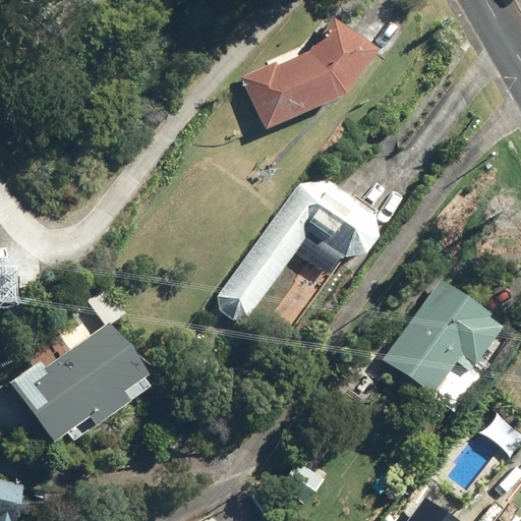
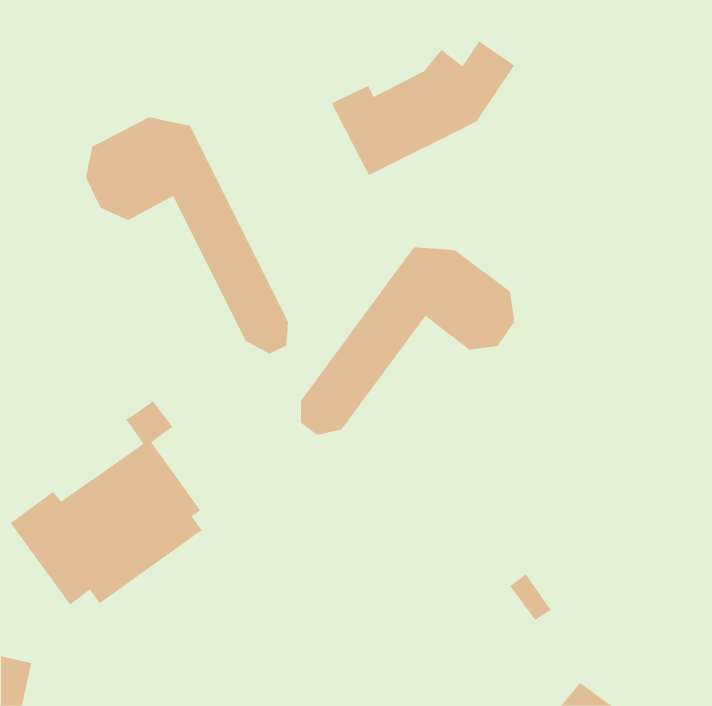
building: none -> [86,117,288,355]
building: [384,279,504,392] -> none

